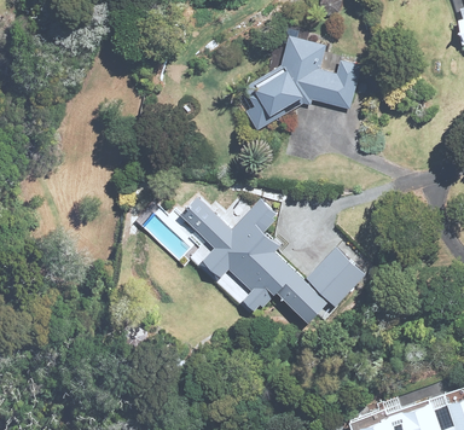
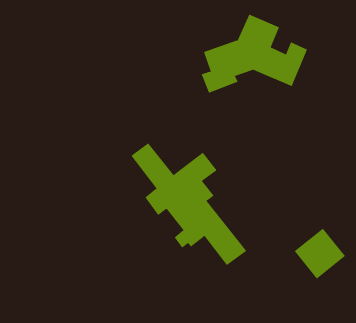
building: [304,248,364,307] -> [294,228,346,279]

